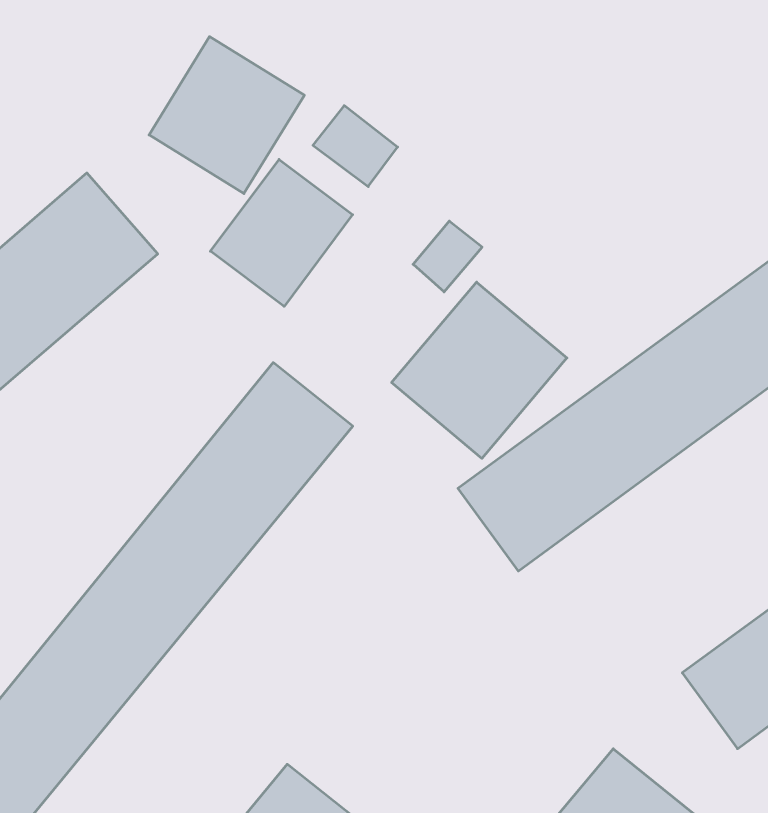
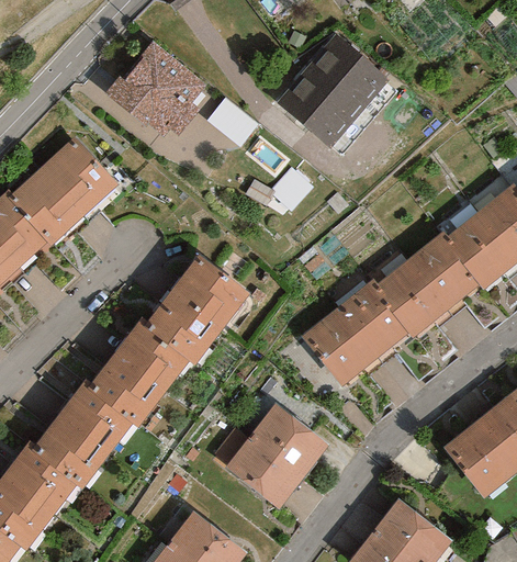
building: none -> [285,47,385,150]
building: [210,159,353,306] -> none
building: [392,282,567,458] -> none
building: none -> [216,403,326,515]

